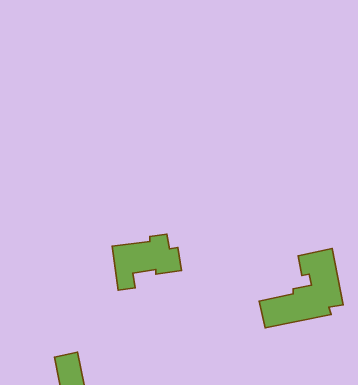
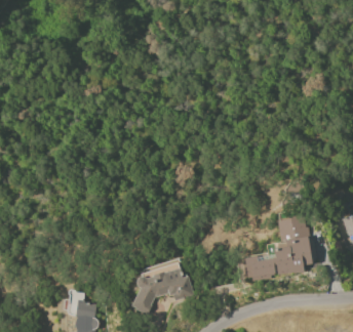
building: [112,234,182,290] -> [133,264,192,312]

